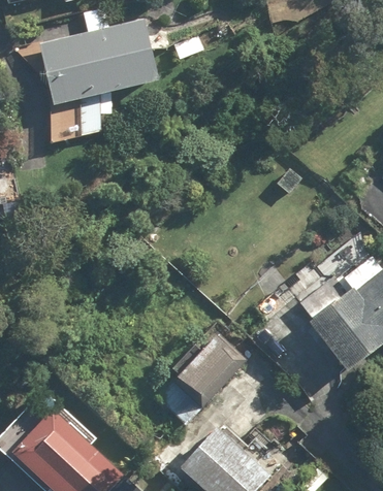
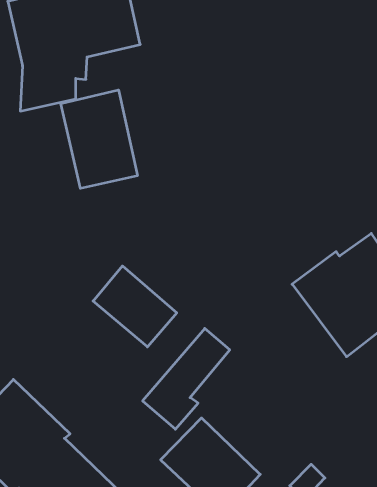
building: none -> [61,90,137,188]
building: none -> [93,266,177,347]

